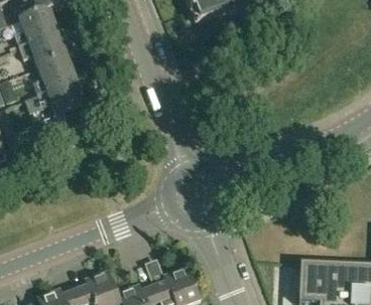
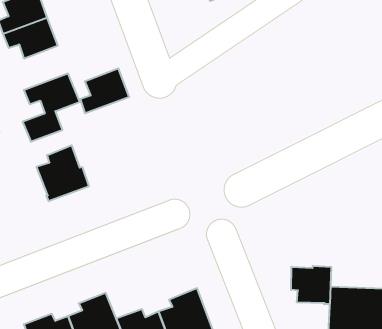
building: [32,54,75,93] -> [80,69,129,113]
building: none -> [37,145,89,201]
building: none -> [291,266,331,304]

